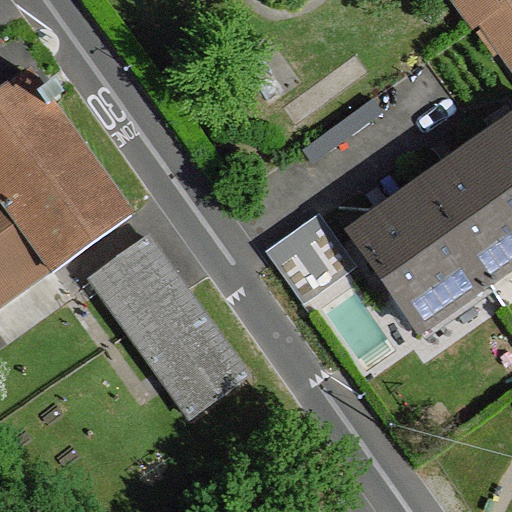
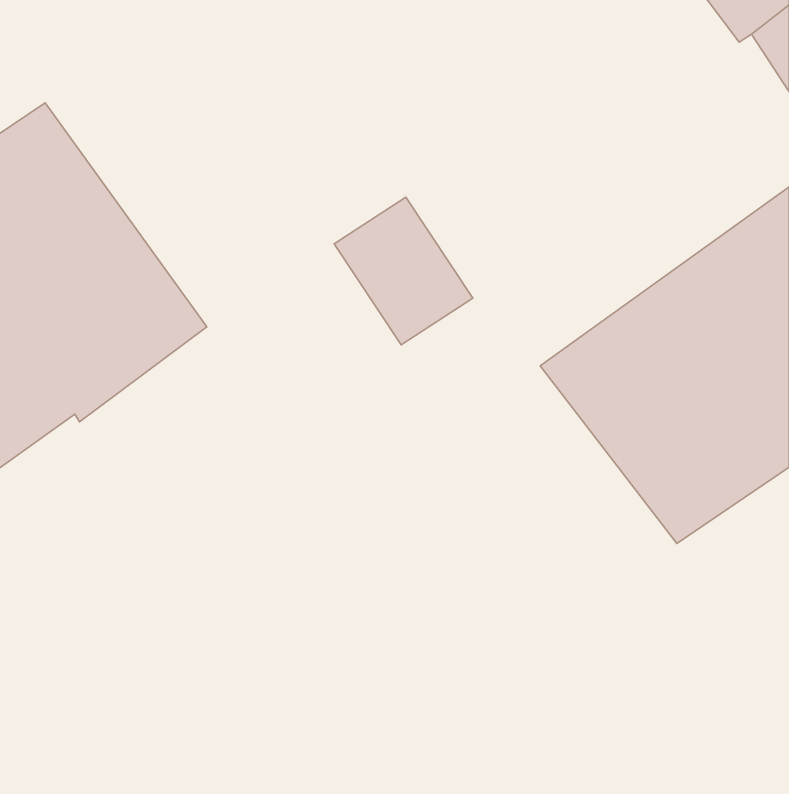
building: [270,215,359,310] -> [334,197,473,345]
building: [91,240,245,419] -> none

